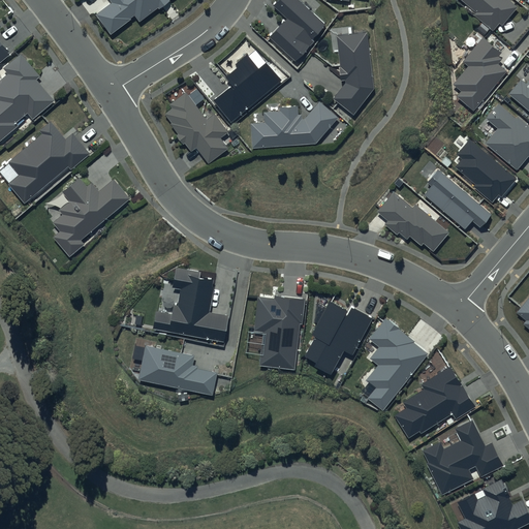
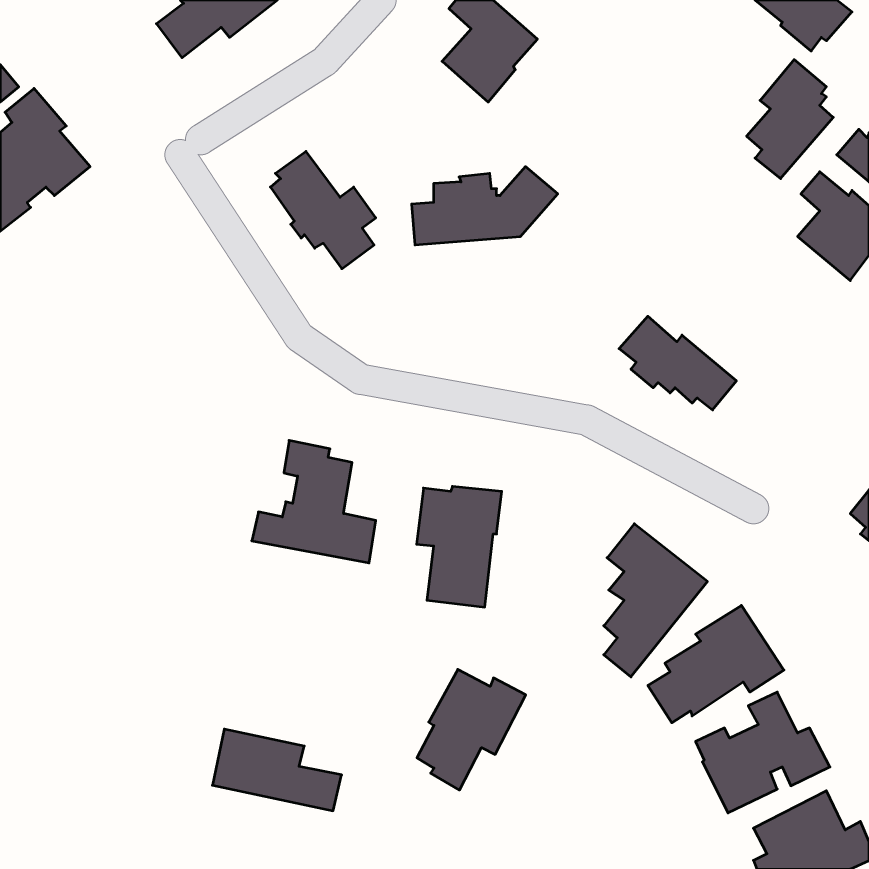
building: [334,31,374,115] -> none
building: [214,51,281,122] -> none
building: [9,122,90,203] -> none
building: [456,139,518,203] -> none
building: [425,168,491,229] -> none
building: [54,178,130,256] -> none
building: [305,303,371,376] -> [417,669,526,790]
building: [138,345,217,395] -> [212,729,342,811]

